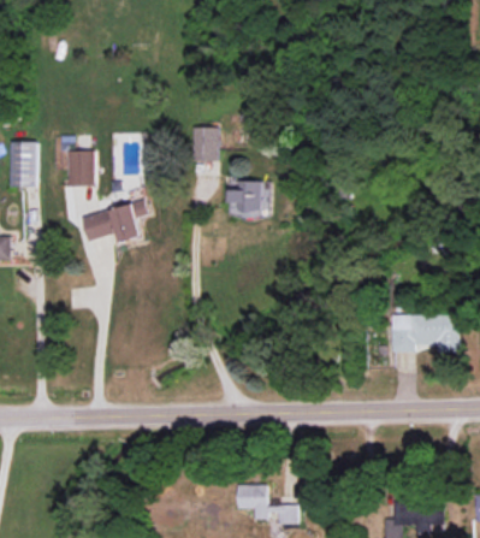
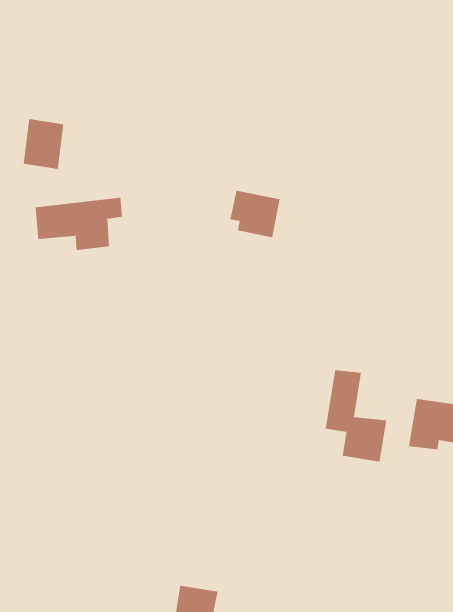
building: [191,128,217,161] -> none
building: none -> [325,370,387,462]

